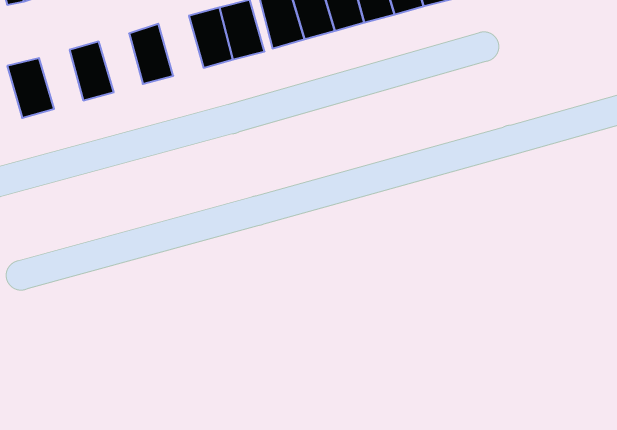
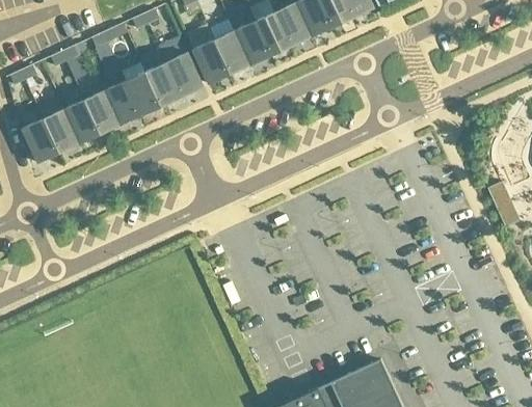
building: none -> [124,71,161,115]
building: none -> [83,90,119,134]
building: none -> [43,109,79,153]

